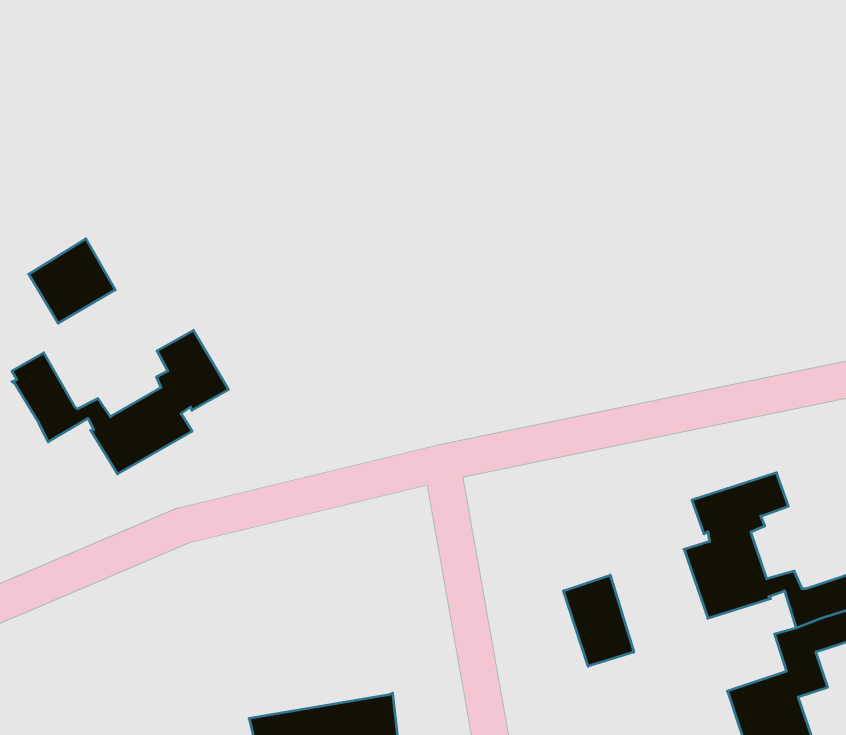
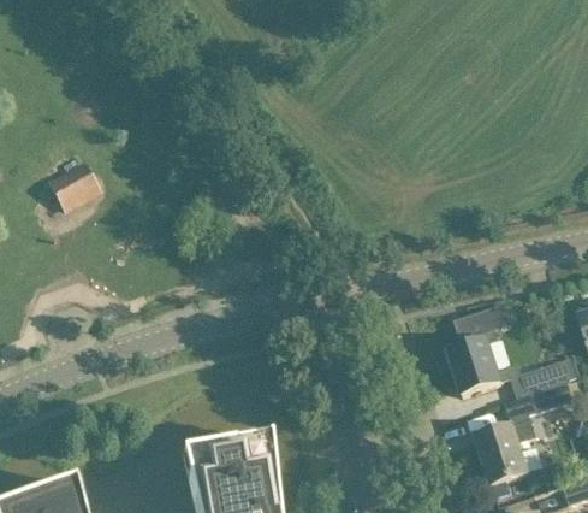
building: [12,330,228,474] -> none
building: [564,575,634,666] -> none

